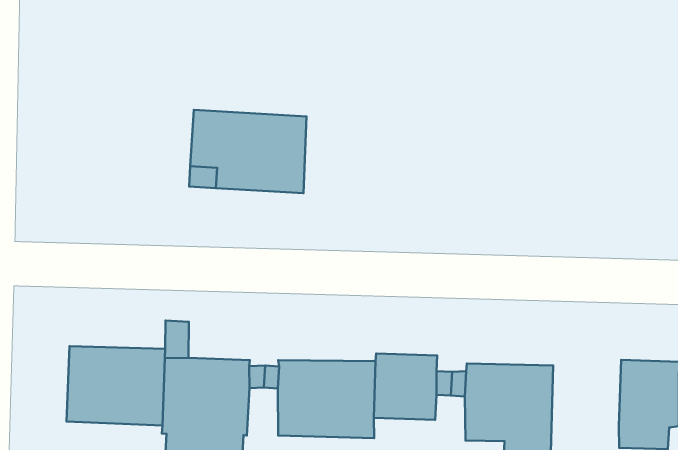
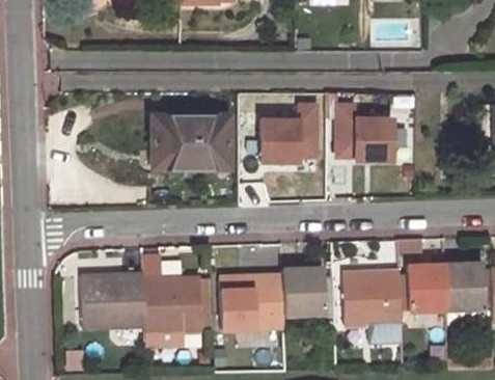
building: none -> [262,104,318,161]
building: none -> [338,104,394,159]
building: none -> [408,264,446,308]

